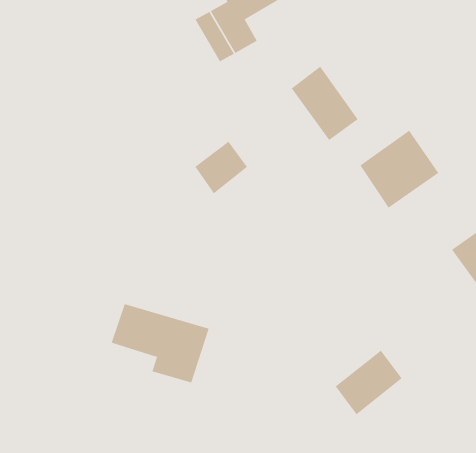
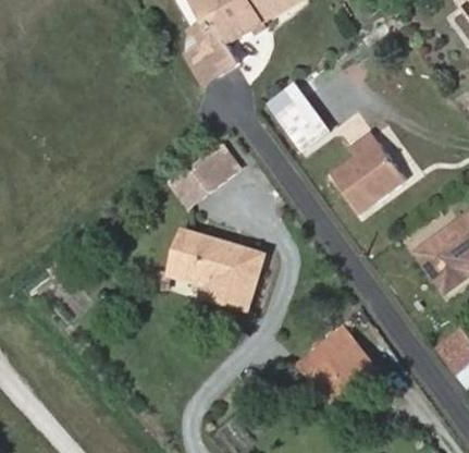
building: [111,304,210,383] -> [172,233,262,306]

